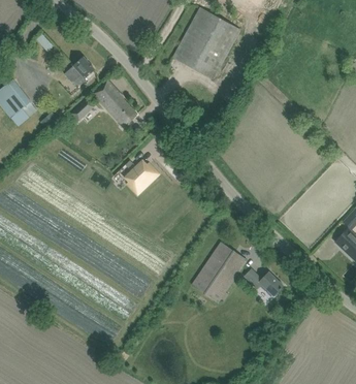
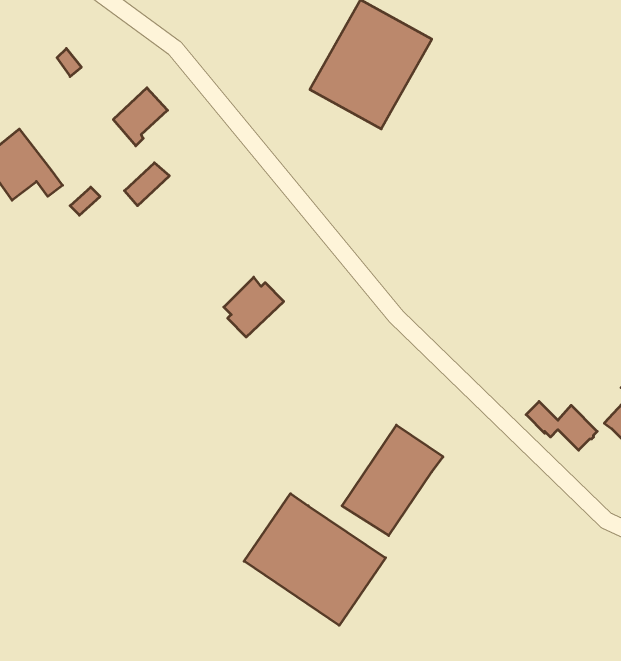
building: [93,79,136,126] -> none
building: [244,268,283,295] -> [526,401,597,450]
building: none -> [244,494,386,625]

